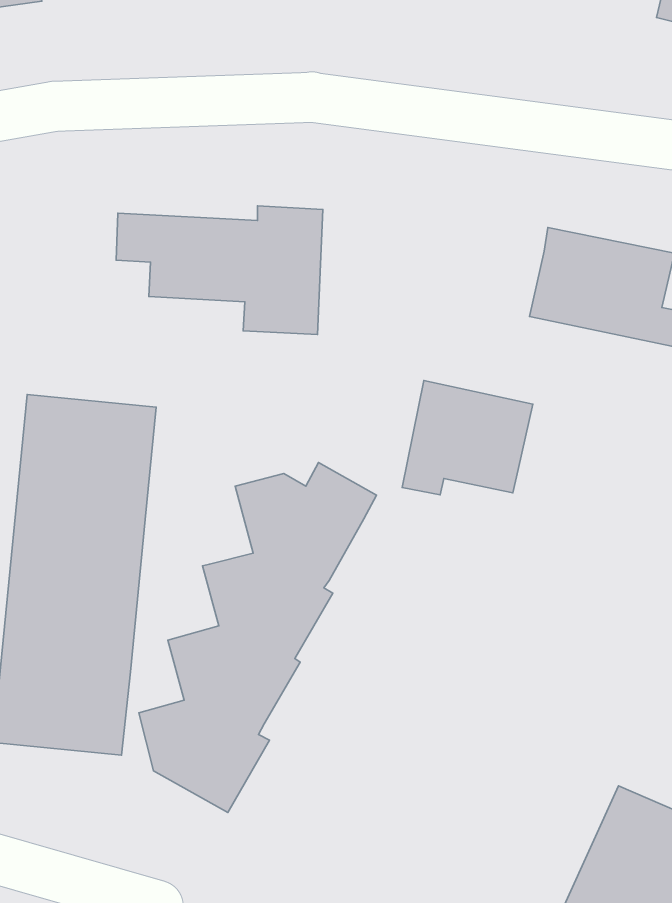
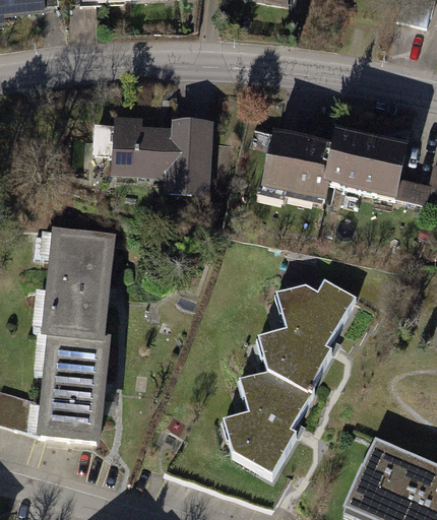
building: [402,381,533,495] -> [261,132,334,196]
building: [139,463,376,813] -> [224,278,357,474]

